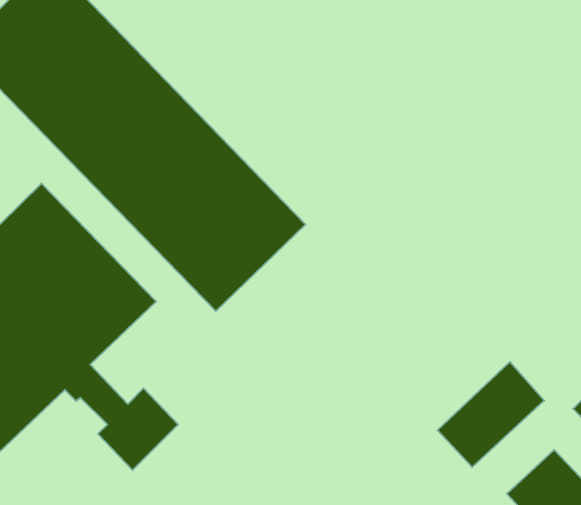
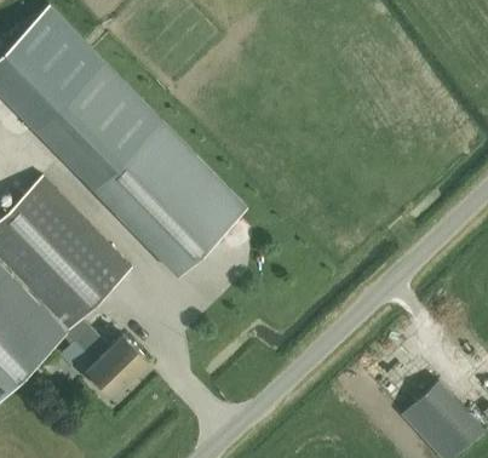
building: [438,362,544,467] -> none

